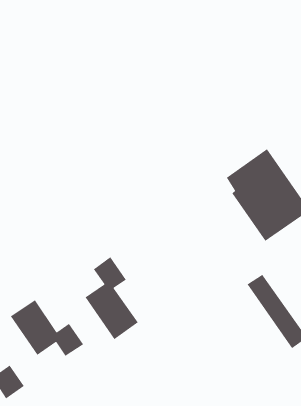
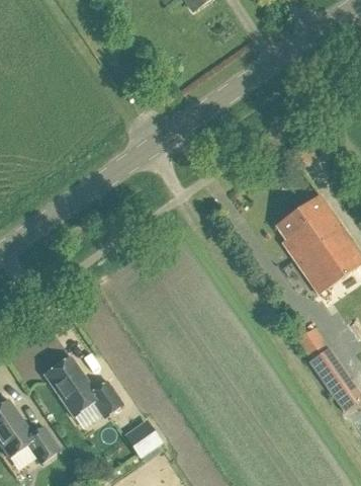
building: [85,256,139,340] -> none
building: none -> [127,425,160,457]

